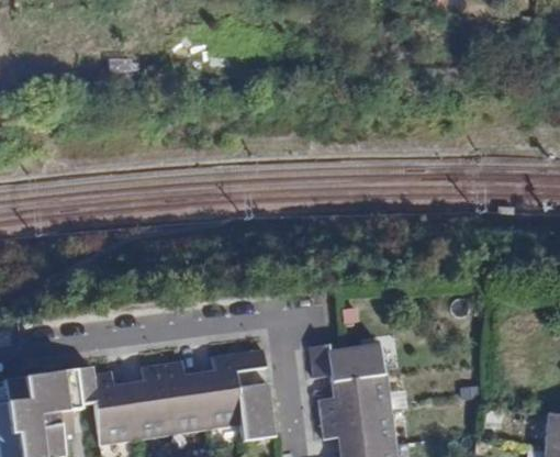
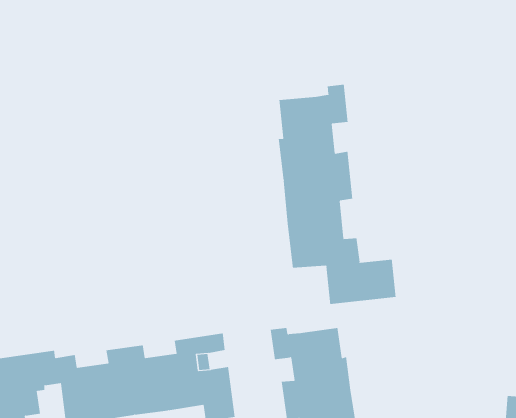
building: none -> [278,84,396,305]

